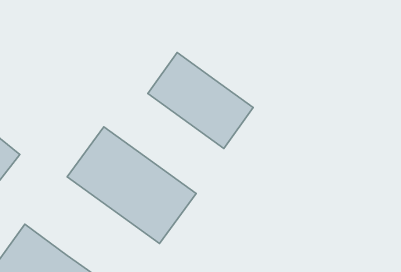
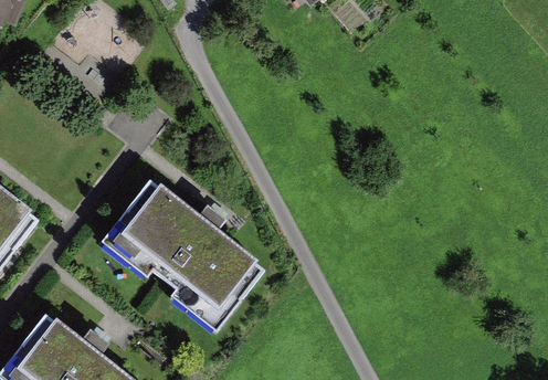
building: [148,52,253,148] -> none

